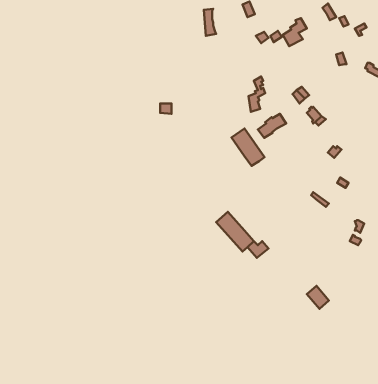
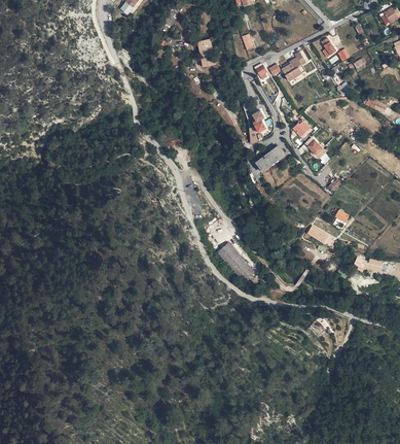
building: [232,128,264,166] -> none

